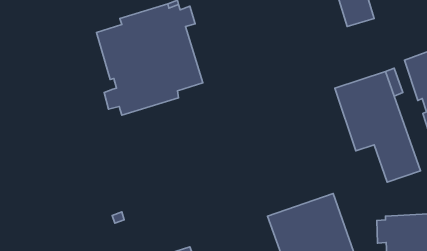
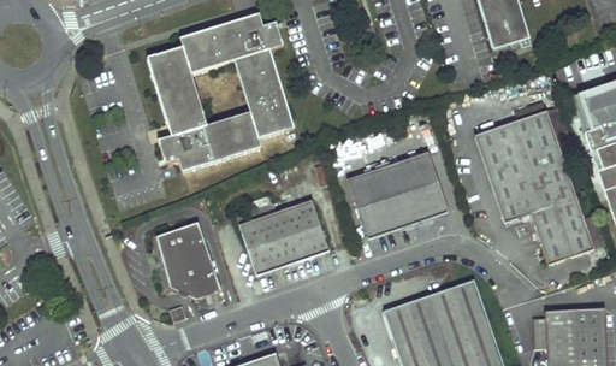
building: none -> [346,150,446,237]
building: none -> [236,199,328,273]
building: none -> [156,222,223,300]

